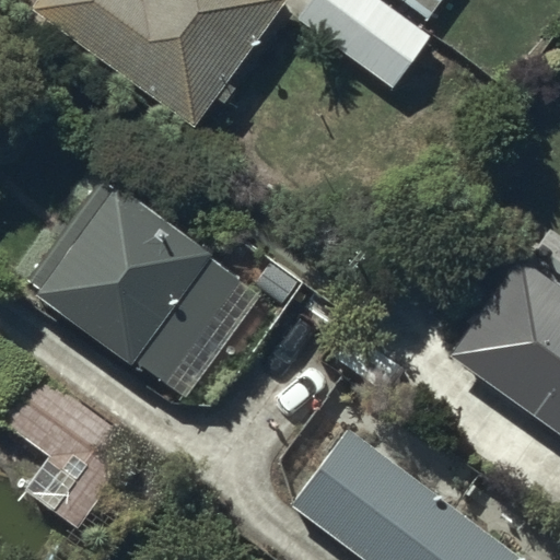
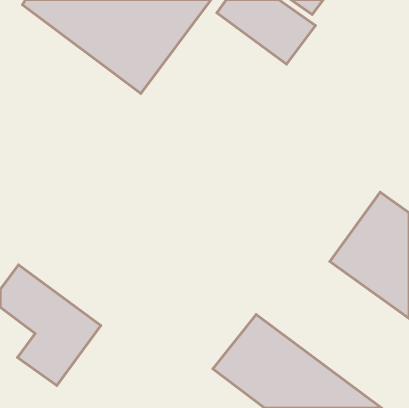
building: [34,186,240,385] -> none

